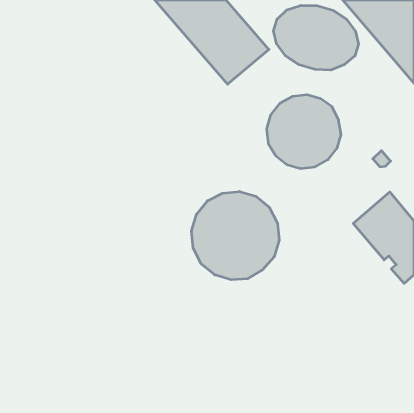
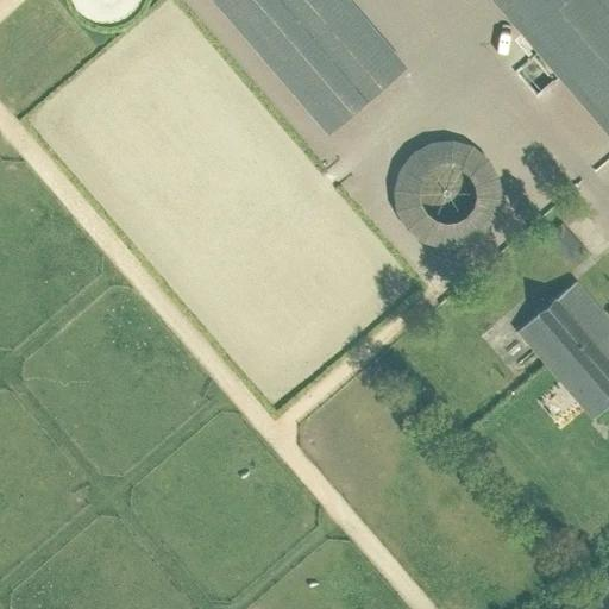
building: [274,5,358,70] -> none
building: [192,191,279,280] -> none

